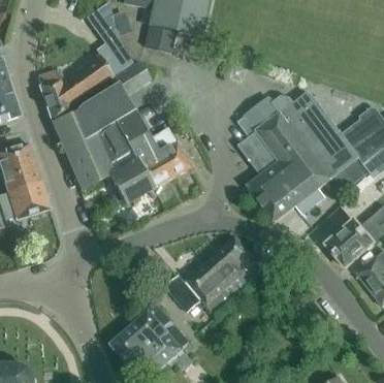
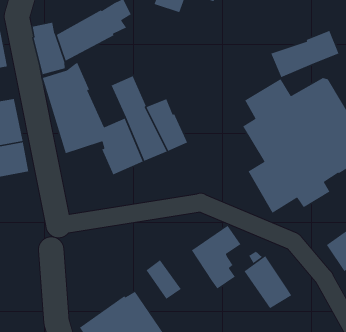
building: none -> [270,30,340,78]
building: [83,62,151,160] -> none
building: [186,263,232,312] -> [243,255,292,309]

